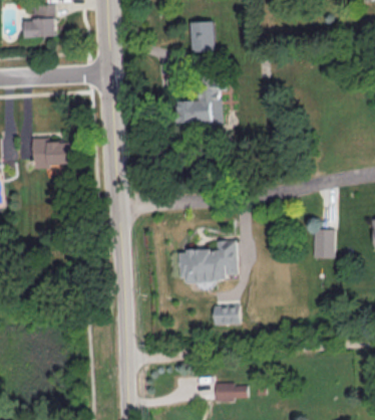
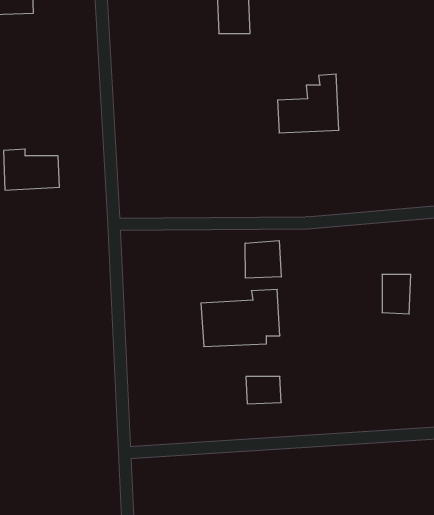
building: [176,81,222,125] -> [278,74,339,133]
building: none -> [245,241,281,278]
building: [214,383,246,400] -> none

